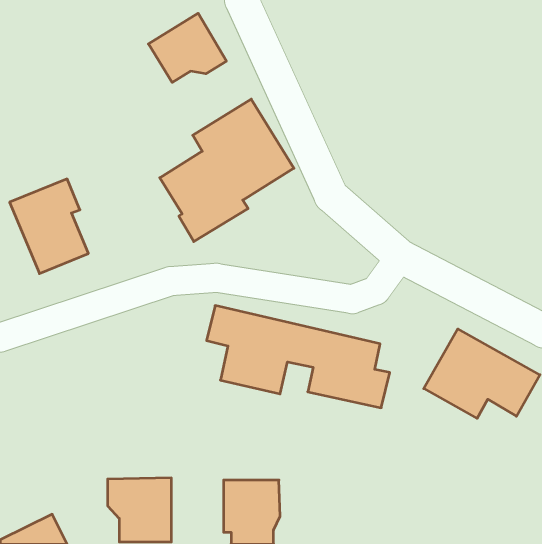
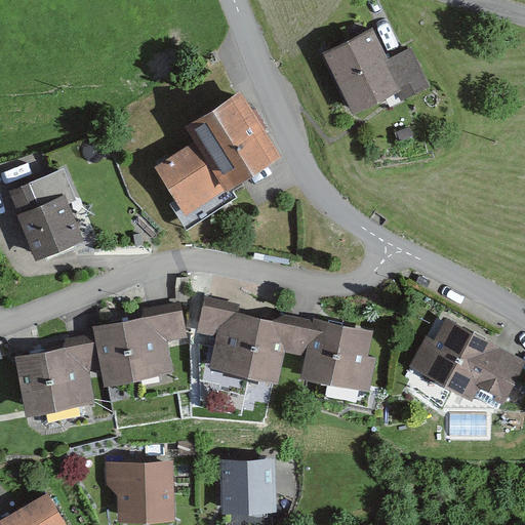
building: [148,13,226,82] -> none
building: none -> [319,30,428,119]
building: none -> [8,302,190,415]

